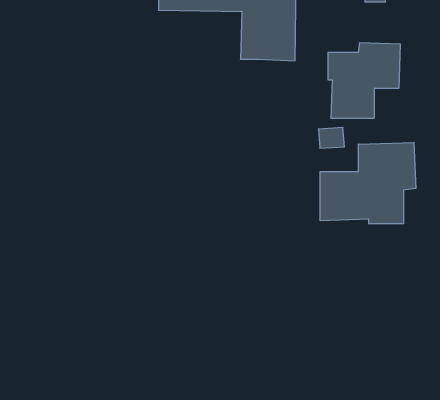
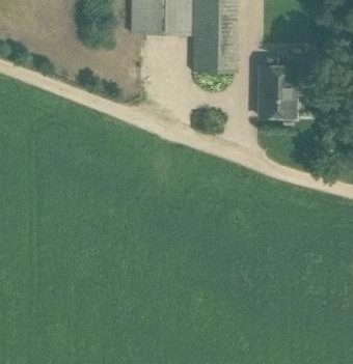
building: [320,142,416,224] -> none

